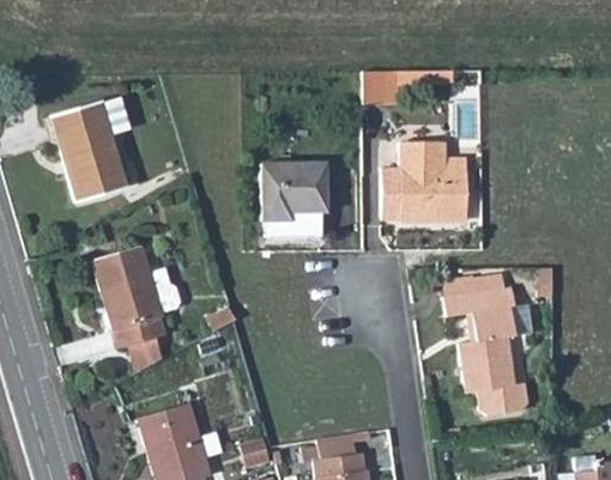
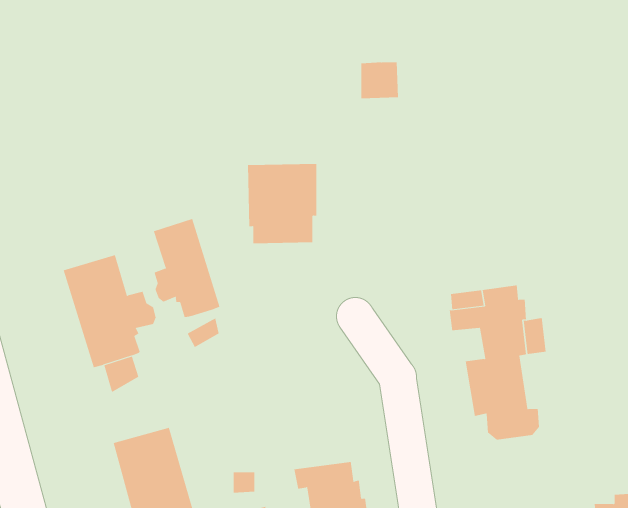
building: [54,102,129,202] -> none
building: [382,142,464,220] -> none
building: none -> [153,218,220,318]

